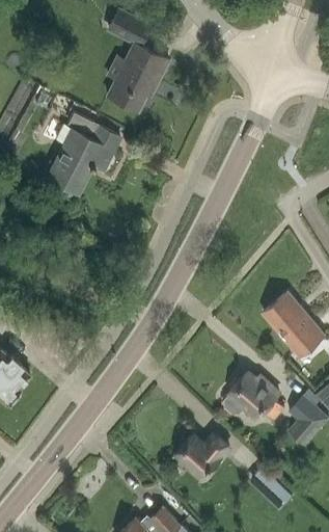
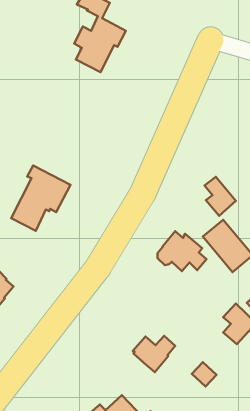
building: [47,113,119,193] -> [11,165,70,231]
building: none -> [204,177,236,216]
building: [224,373,284,422] -> [157,231,206,271]

